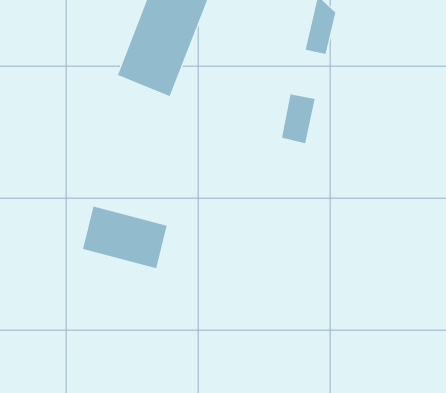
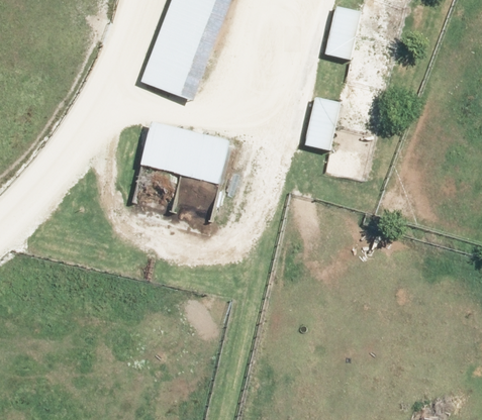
building: [82,206,168,269] -> [142,120,230,185]

